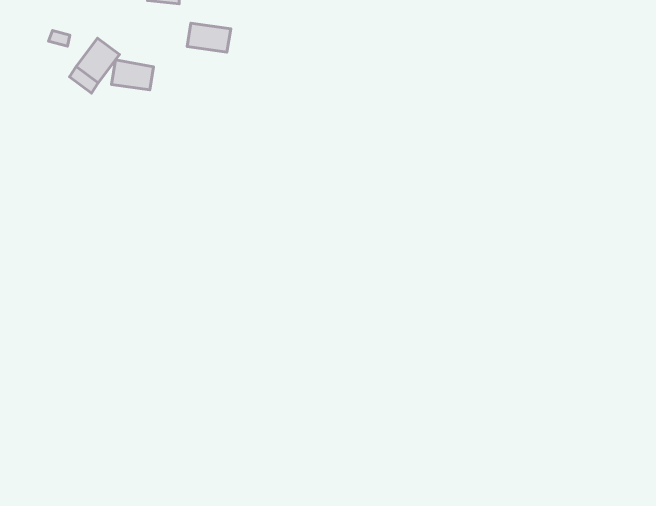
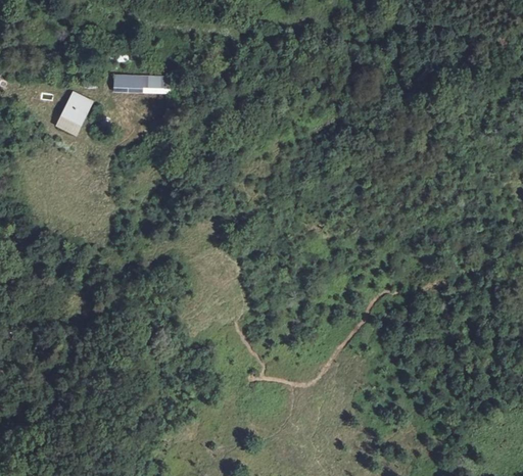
building: [111,60,154,90] -> [112,72,142,91]

